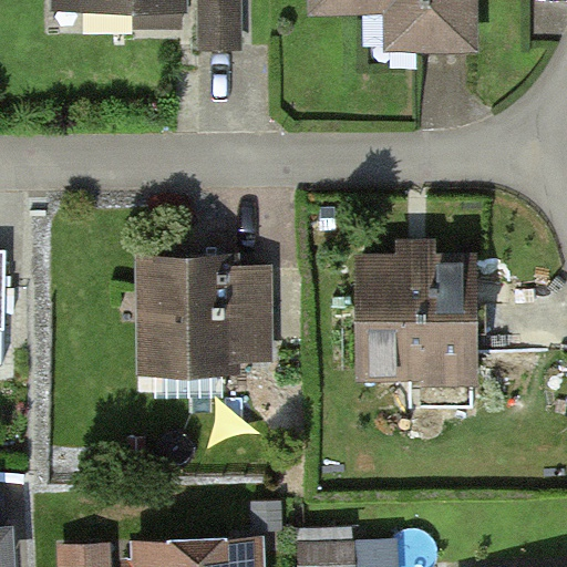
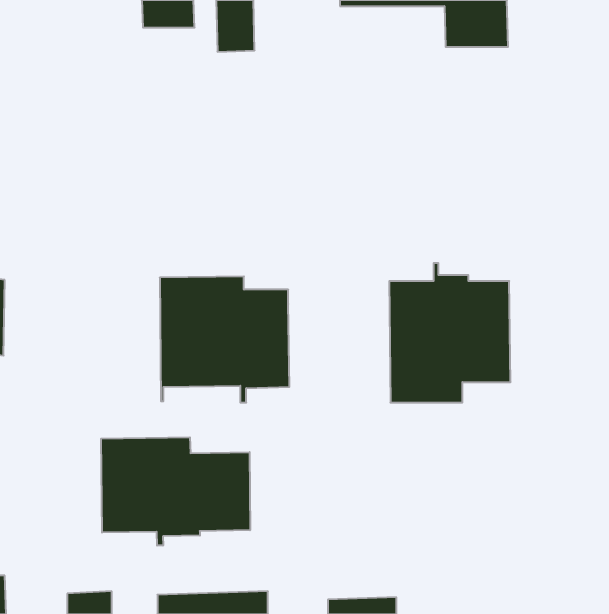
building: none -> [101,437,250,546]

